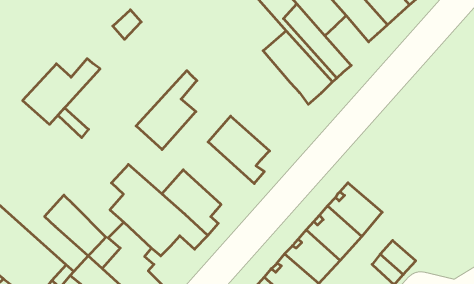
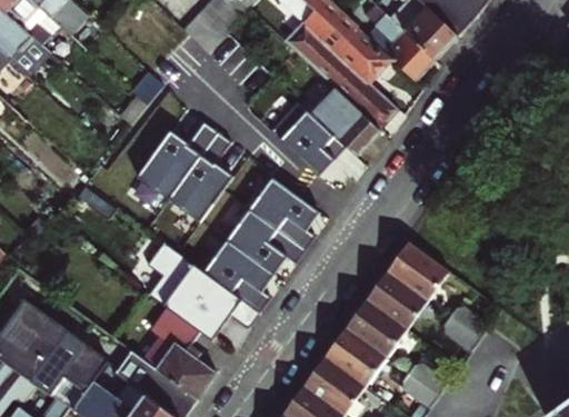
building: none -> [269,100,346,176]
building: [23,59,100,124] -> [137,123,219,200]
building: none -> [226,210,306,278]
building: [45,195,106,256] -> none

